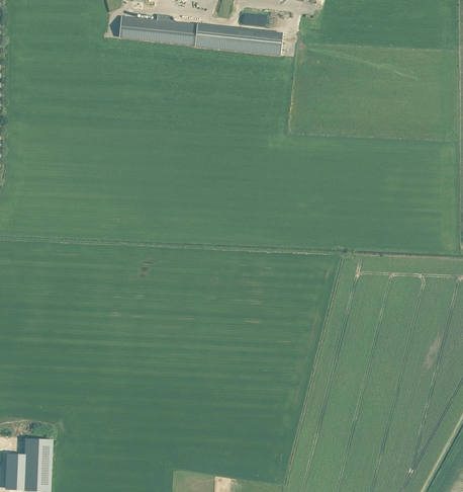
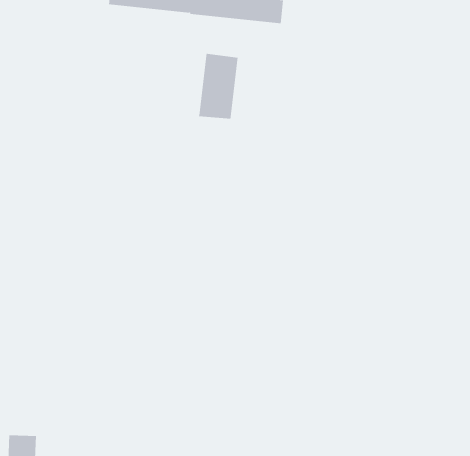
building: none -> [198,53,238,119]

